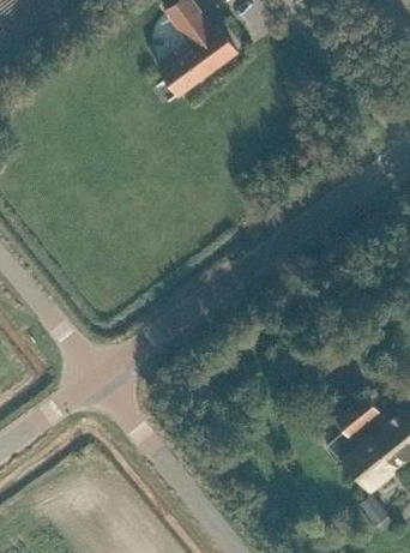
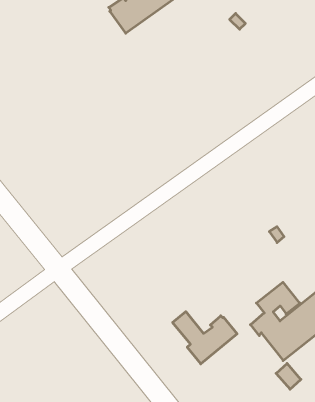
building: none -> [173,312,237,364]

